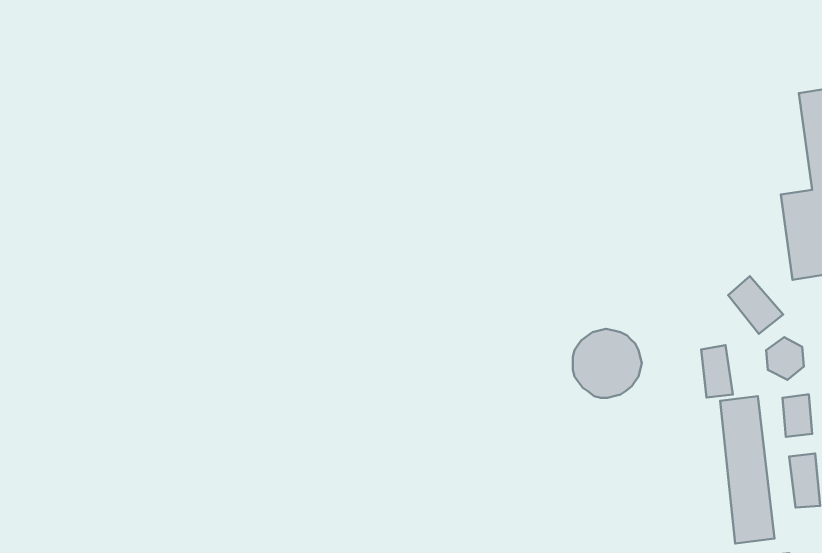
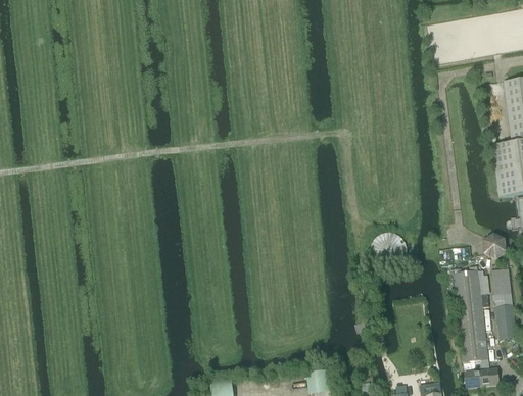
building: [728,276,783,334] -> none
building: [701,345,733,398] -> none

